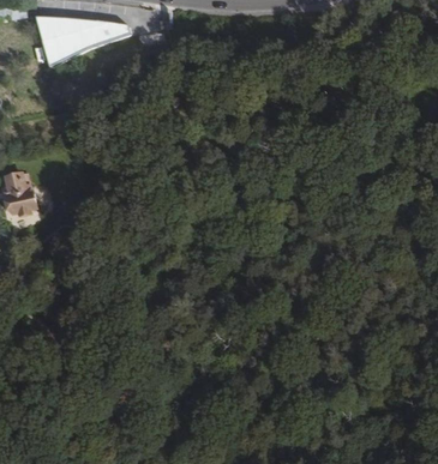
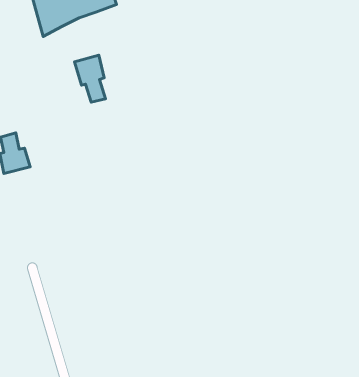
building: none -> [75,55,106,102]

